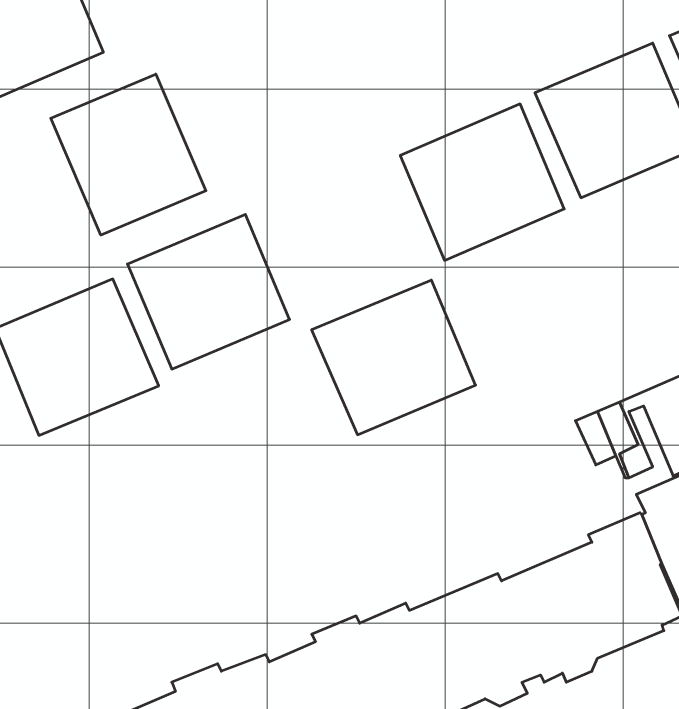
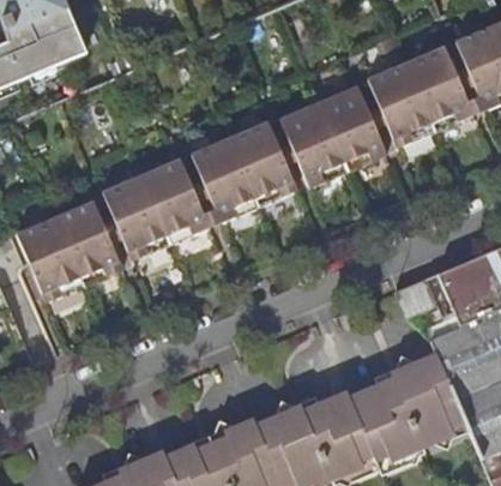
building: [51,74,206,235] -> none
building: [312,280,476,435] -> [191,120,297,221]

